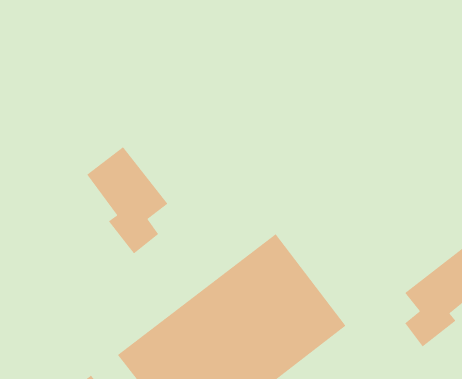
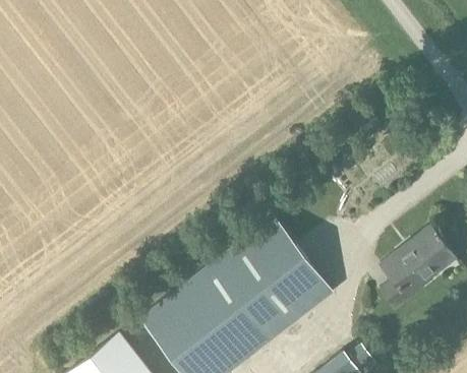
building: [86,146,169,255] -> none

